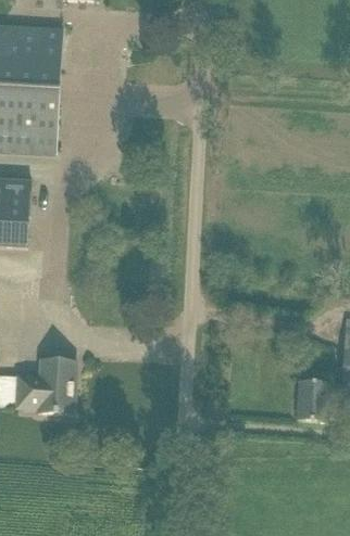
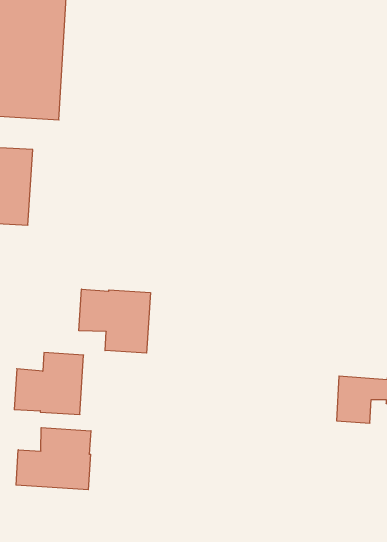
building: none -> [79,289,150,353]
building: none -> [16,428,91,490]

